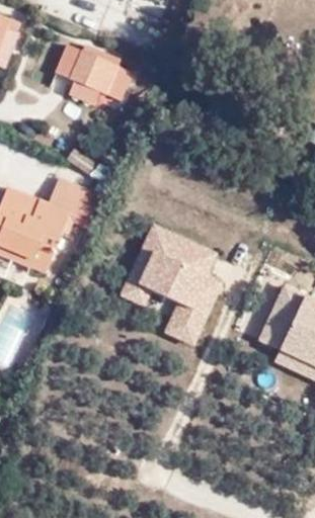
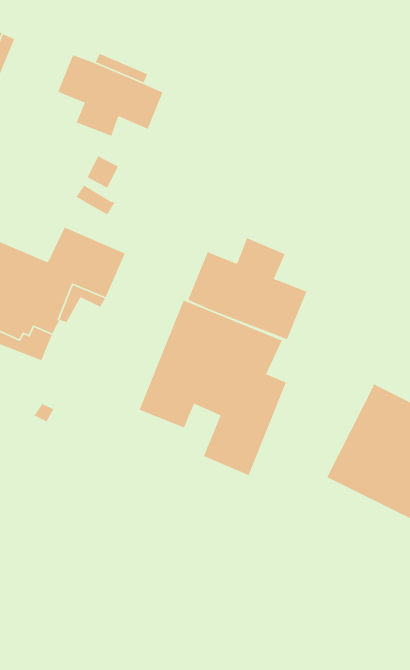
building: none -> [187,237,307,340]

